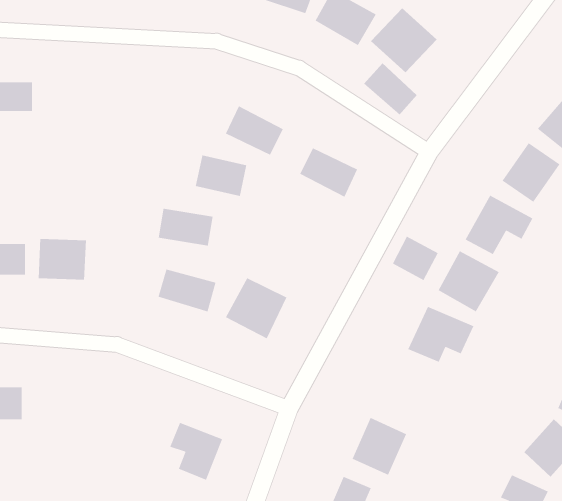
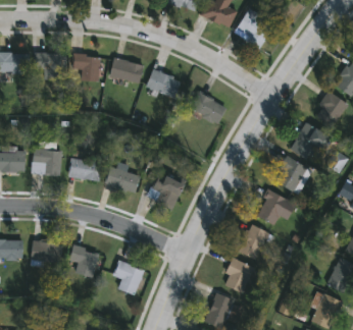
building: [363,63,418,116] -> none
building: none -> [35,54,60,79]
building: none -> [73,56,99,81]
building: [195,155,247,197] -> [110,58,142,84]
building: [158,208,213,246] -> [68,158,102,181]
building: [392,236,439,281] -> none
building: none -> [239,223,271,260]
building: none -> [32,241,62,261]
building: none -> [68,243,101,278]

